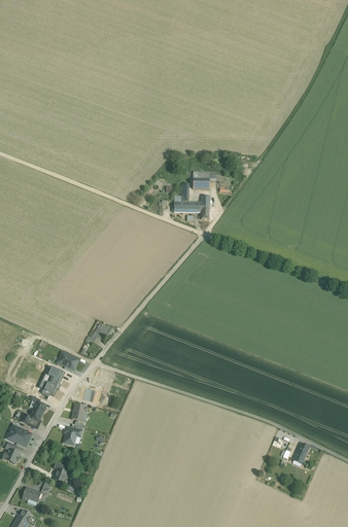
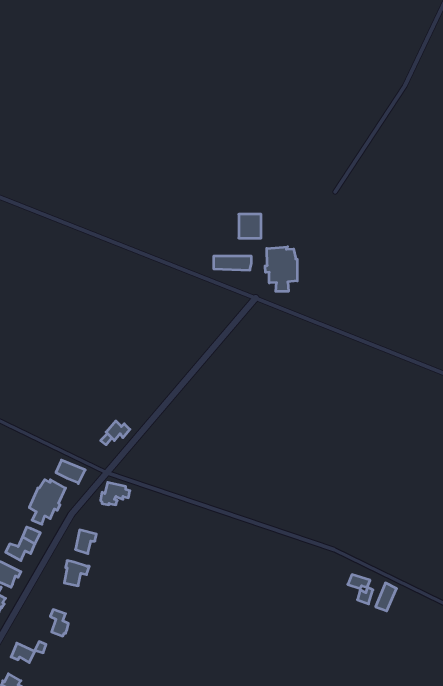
building: none -> [265,247,297,291]

